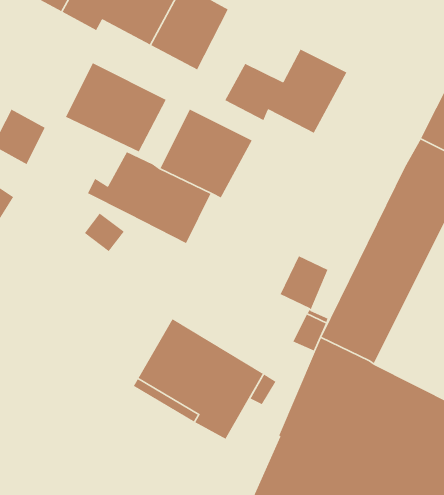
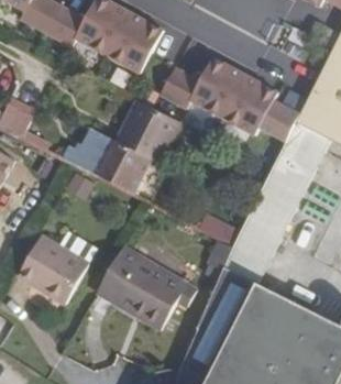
building: [65,62,167,152] -> none
building: none -> [221,75,298,141]
building: none -> [15,233,95,305]

